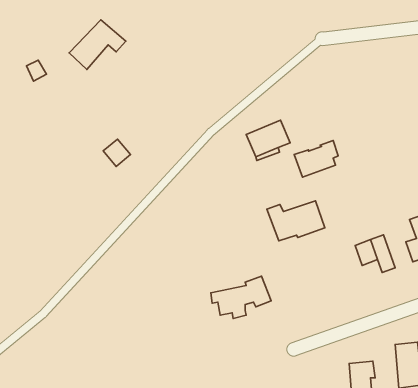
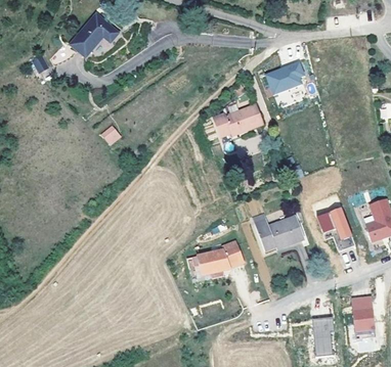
building: [294,140,338,177] -> [265,59,303,91]
building: [267,201,325,241] -> [255,217,305,251]

